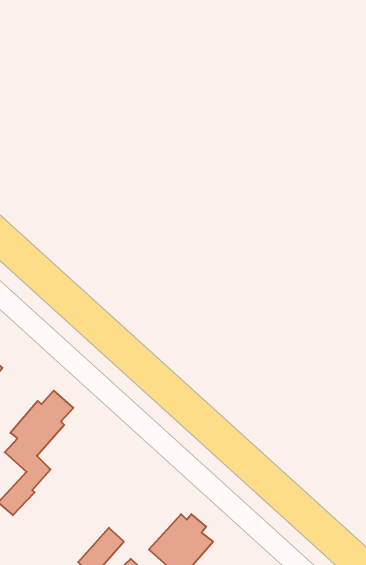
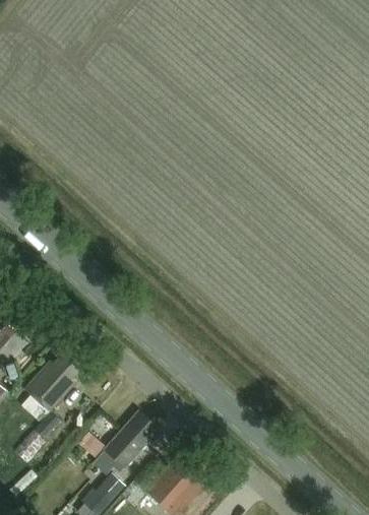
building: none -> [95,411,159,470]

